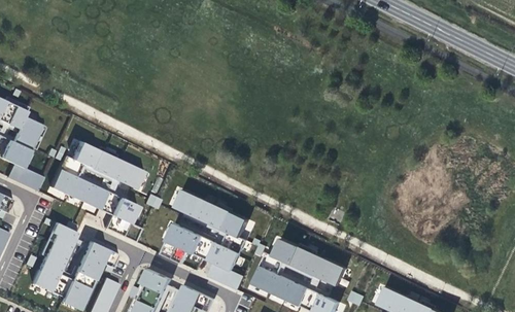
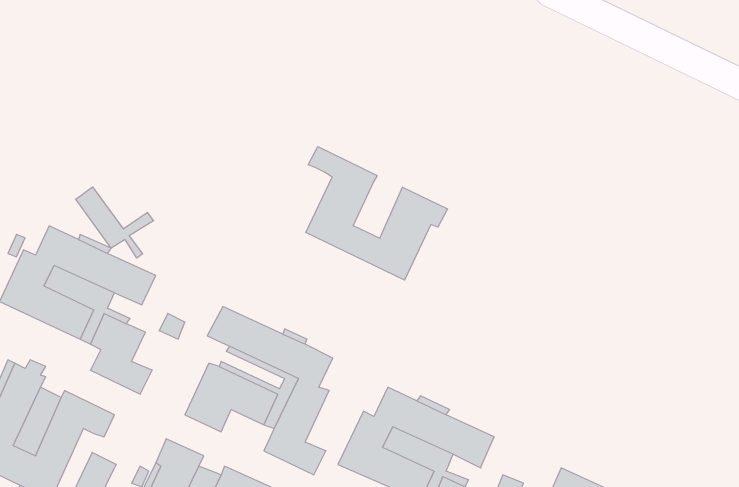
building: none -> [306,147,448,280]
building: none -> [76,187,154,258]

